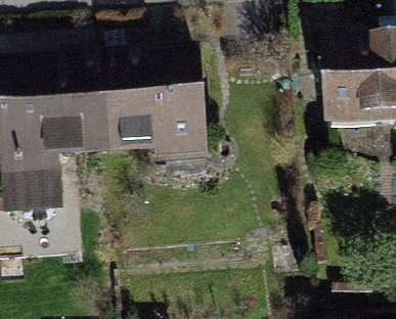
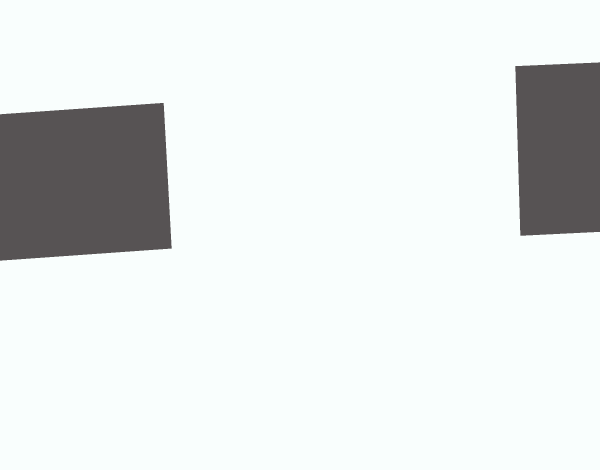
building: [106,62,209,164] -> none

